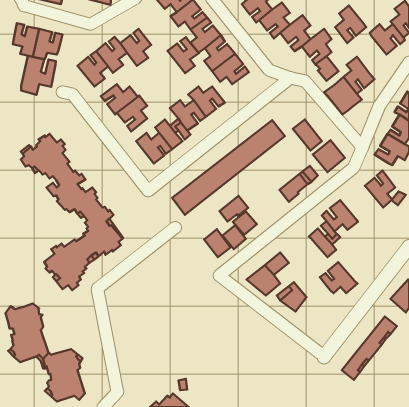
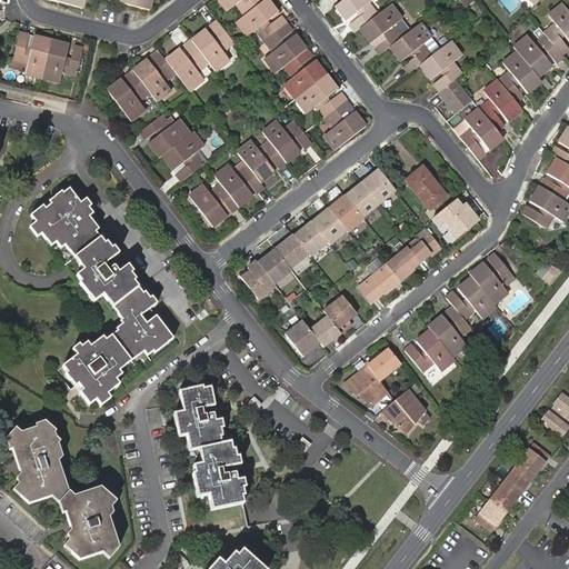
building: [335,5,366,43] -> [497,50,540,102]
building: [168,37,199,73] -> [192,21,236,71]
building: [21,56,56,95] -> none
building: none -> [322,100,363,150]
building: [365,171,395,207] -> [470,254,512,306]
building: [219,196,248,221] -> [361,263,401,299]
building: [320,262,357,293] -> [406,330,458,373]
building: none -> [174,381,244,505]

